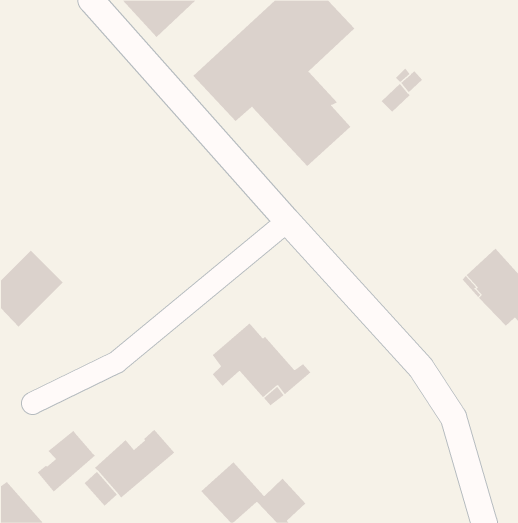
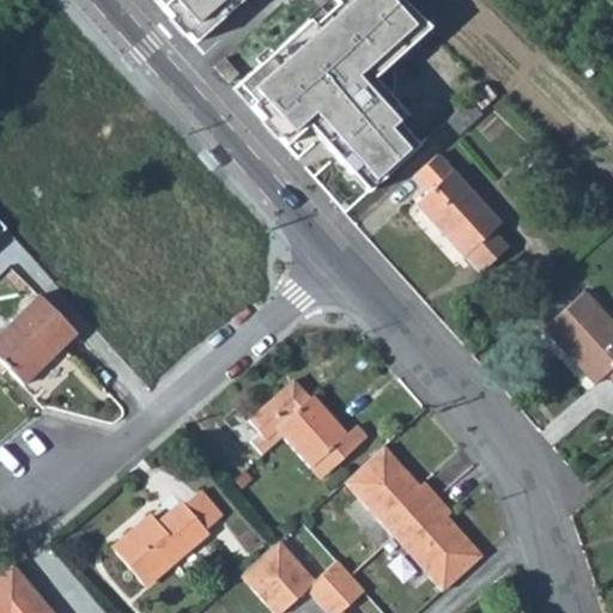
building: none -> [415,153,510,271]
building: none -> [345,445,482,589]
building: [37,430,96,492] -> none

